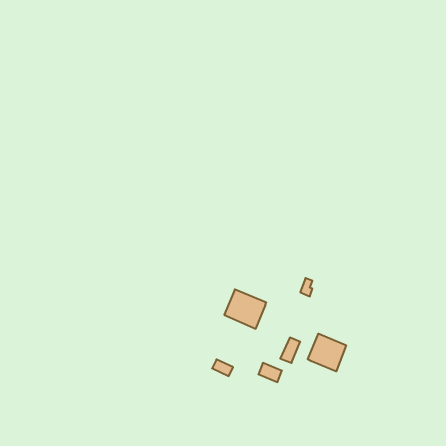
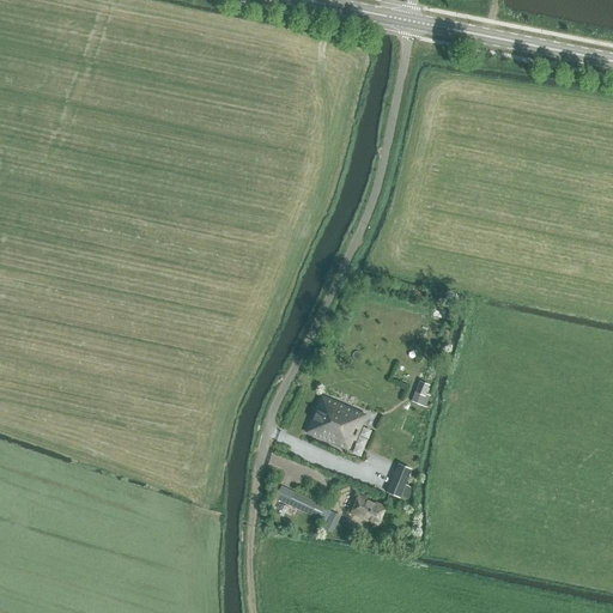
building: [308,334,346,371] -> none

